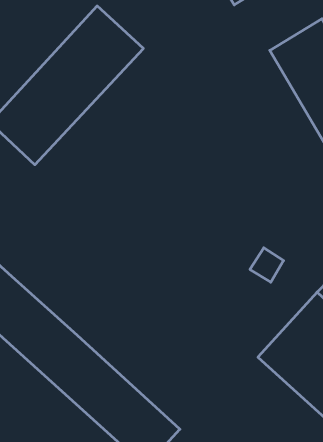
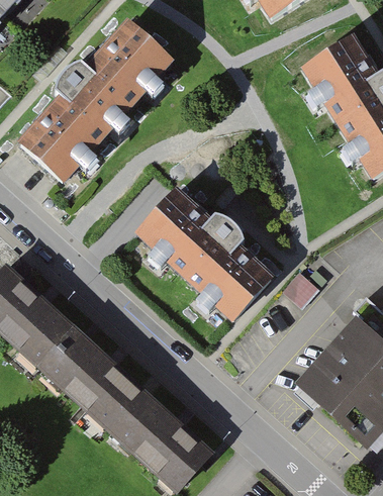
building: none -> [135,184,275,320]

